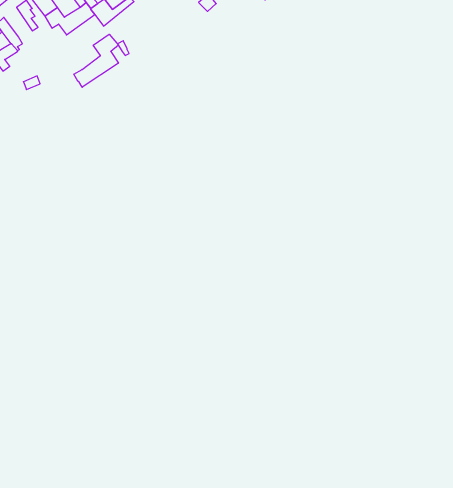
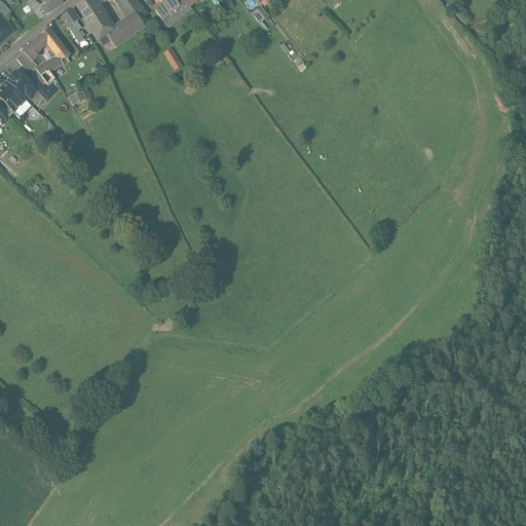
building: [74,34,118,87] -> none

